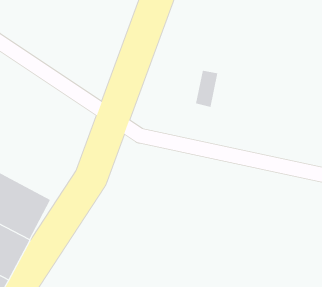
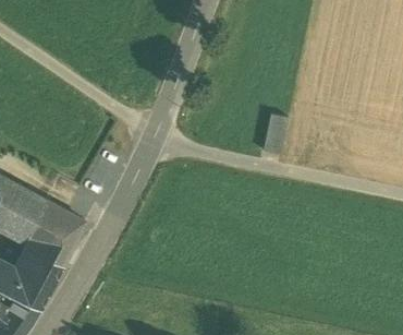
building: [195,70,218,107] -> [264,113,289,154]

